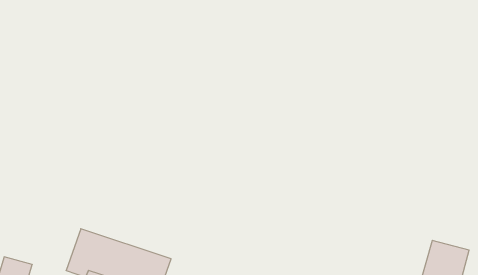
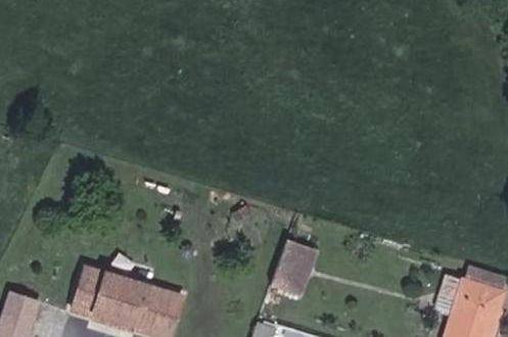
building: none -> [269,237,318,296]

